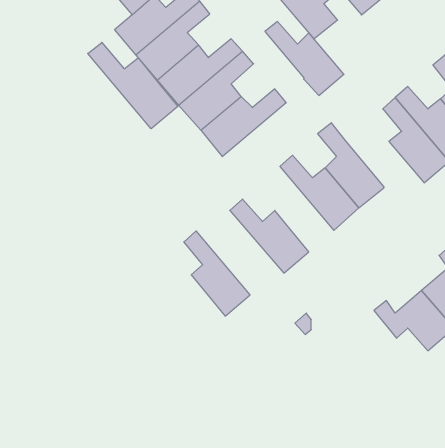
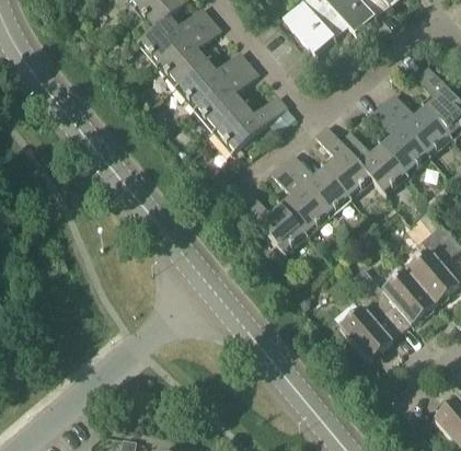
building: [265,22,344,95] -> [339,131,408,196]
building: [88,42,178,129] -> none
building: [184,231,250,316] -> [272,163,330,238]
building: none -> [339,289,392,361]

